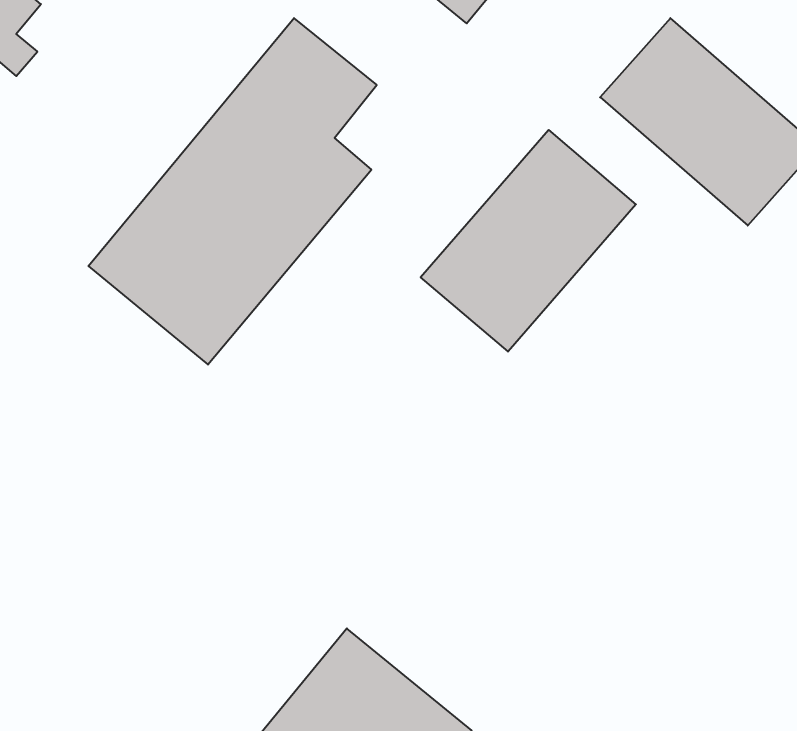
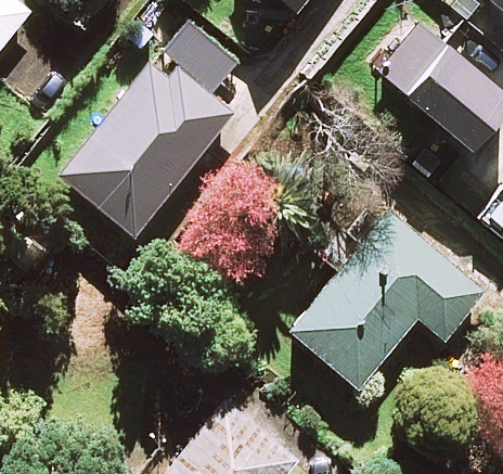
building: [421,130,636,352] -> none
building: none -> [287,208,487,388]

